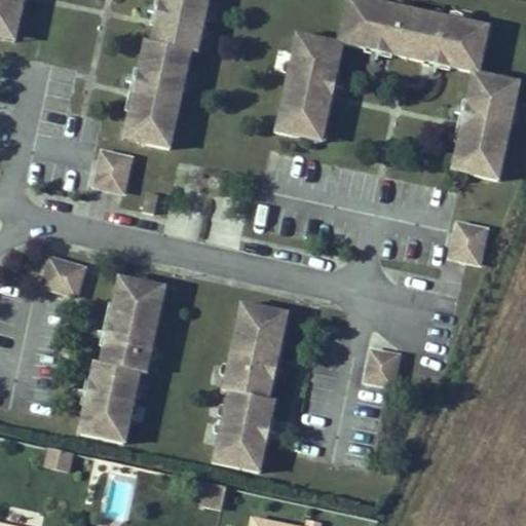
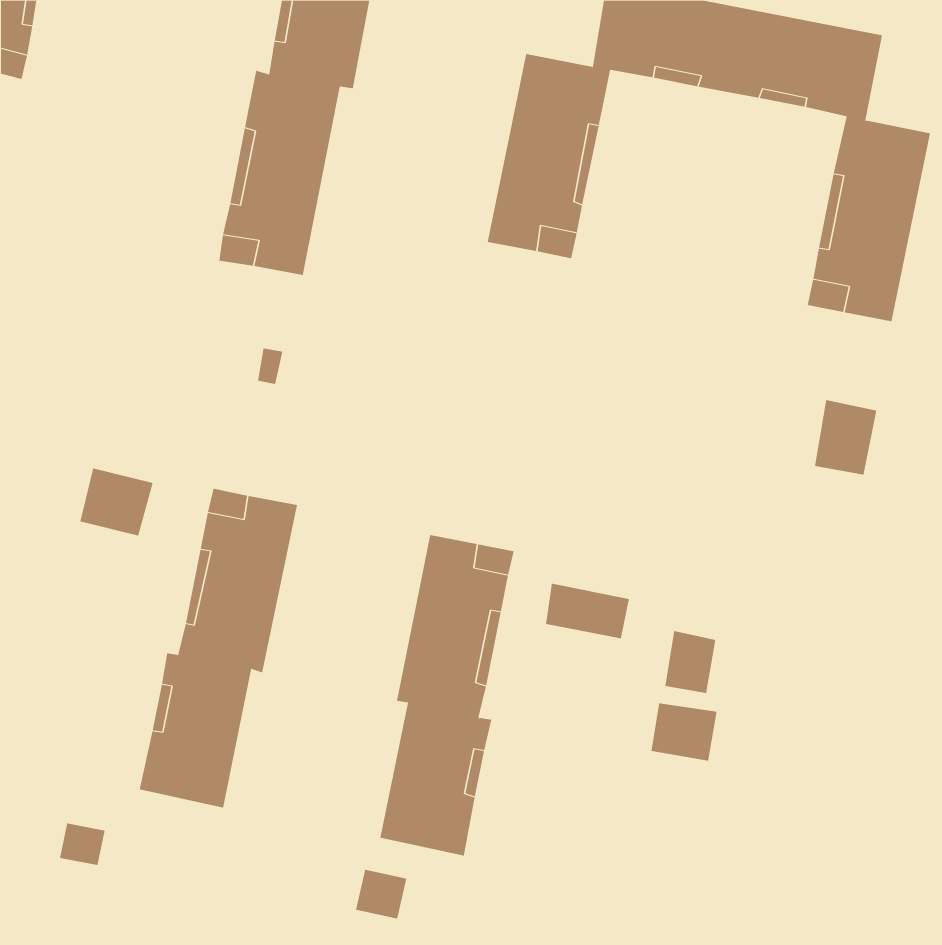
building: [97,150,133,192] -> none
building: none -> [546,583,630,639]
building: none -> [651,702,717,761]

